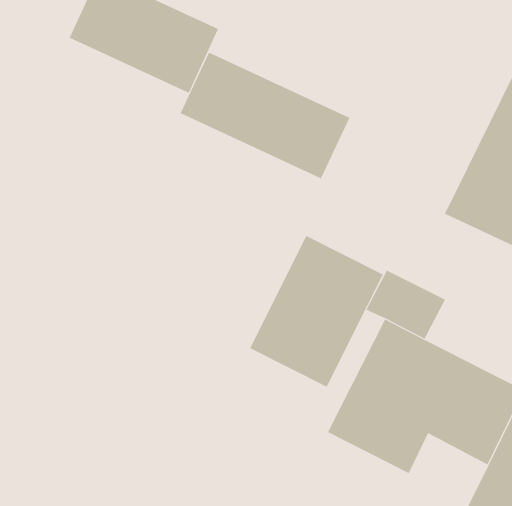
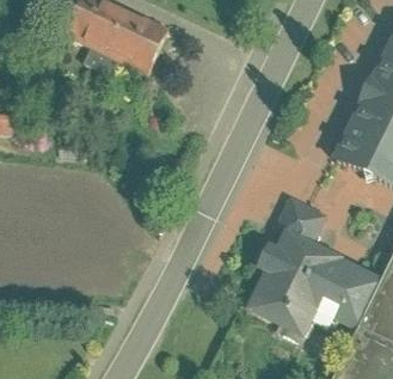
building: [180,52,350,179] -> none
building: [249,235,384,388] -> none

